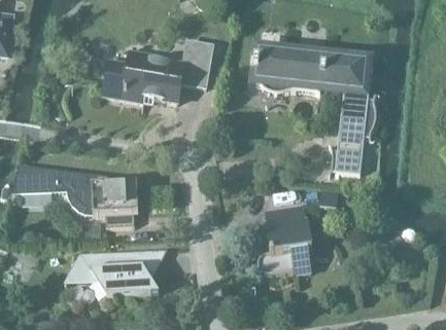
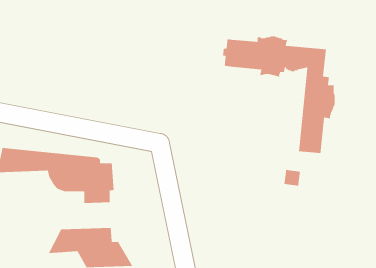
building: [104,41,213,110] -> none
building: [258,207,312,274] -> none

